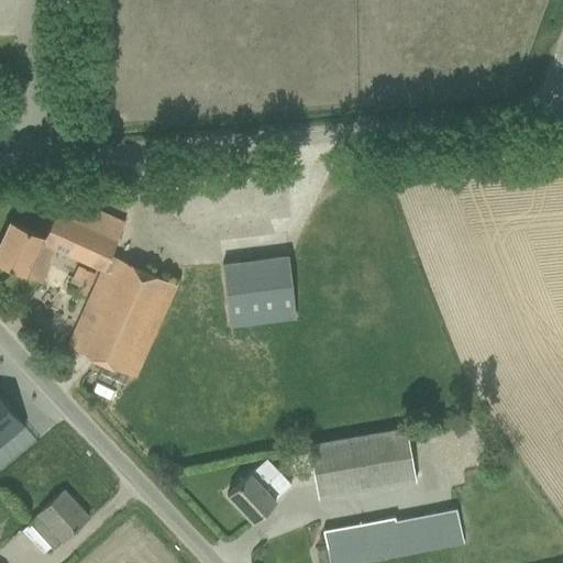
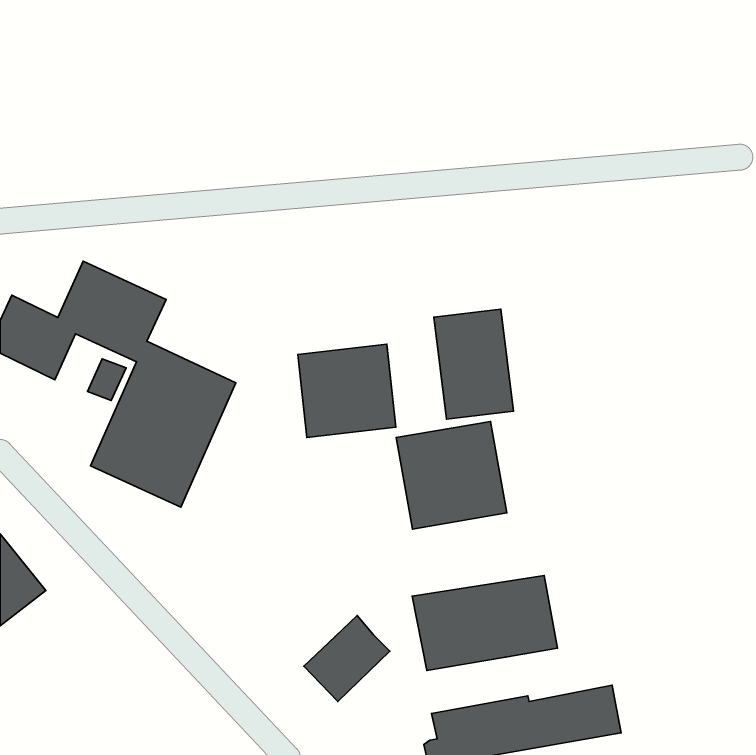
building: none -> [434,309,513,419]
building: none -> [396,421,507,529]
building: [20,492,88,555] -> none

